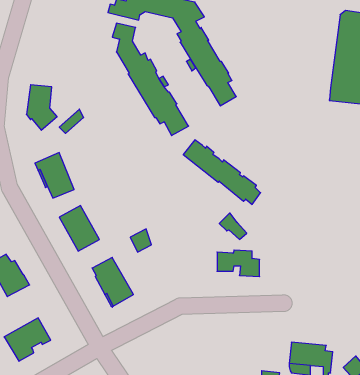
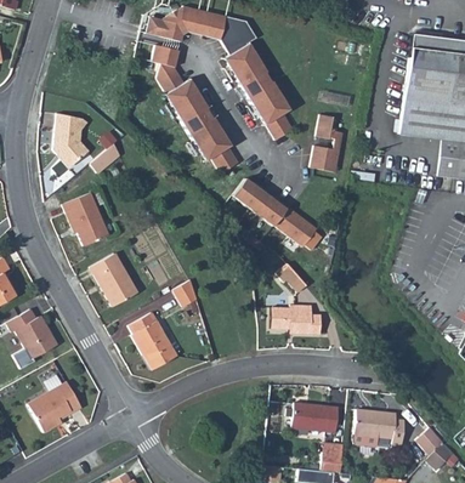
building: none -> [311,117,344,174]
building: none -> [291,404,339,433]

